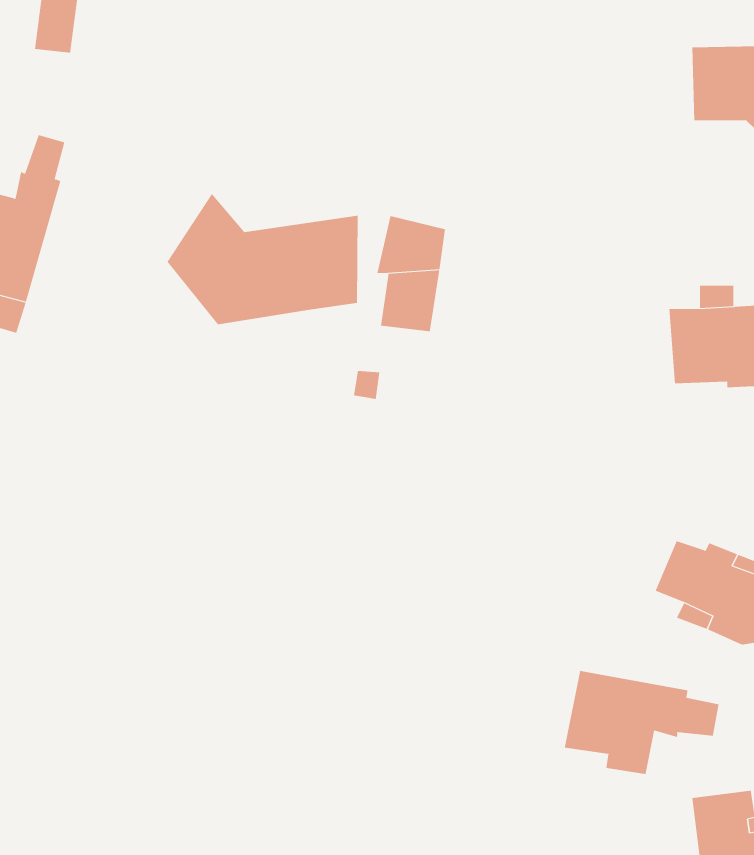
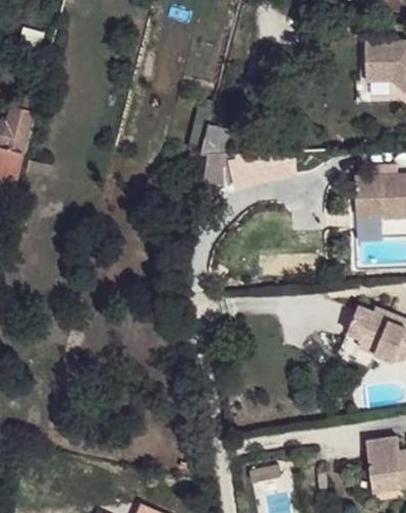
building: [167,193,358,325] -> none
building: [564,670,719,775] -> none

